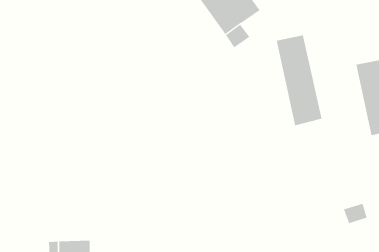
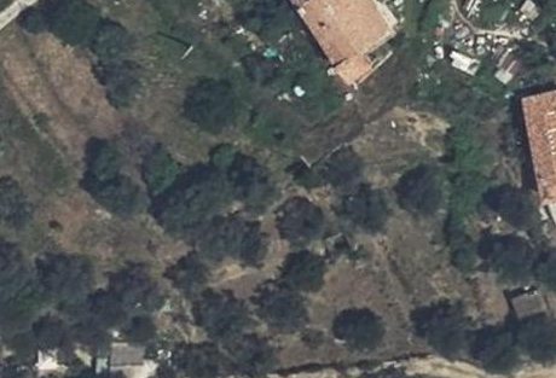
building: [276,34,322,126] -> none

